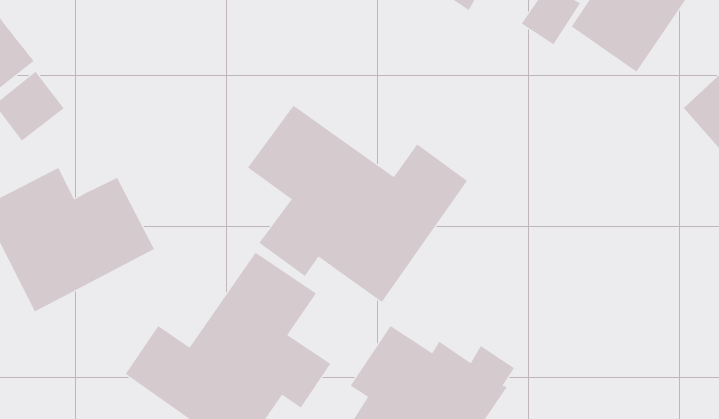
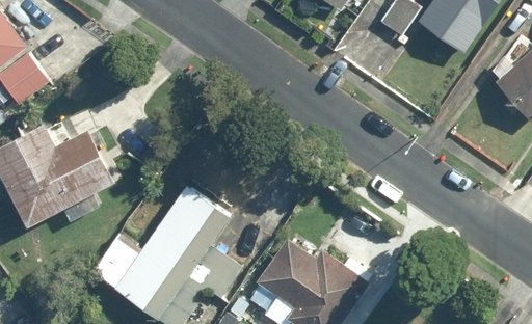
building: [247,105,468,303] -> none

